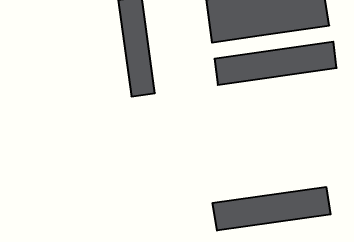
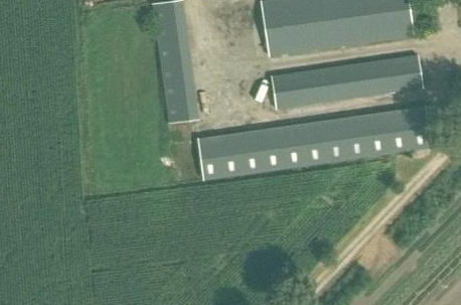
building: none -> [198,107,431,179]
building: [213,187,331,231] -> none

